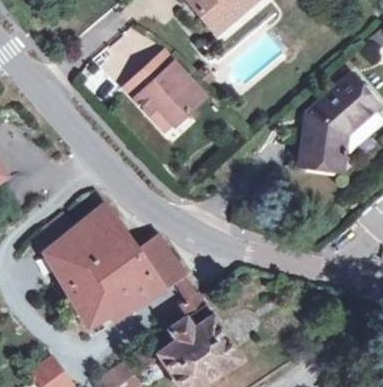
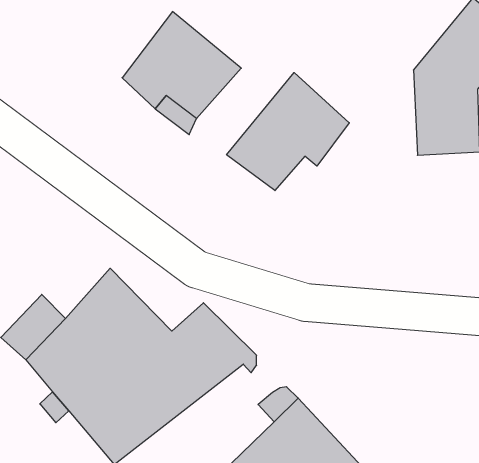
building: none -> [227,73,349,191]

